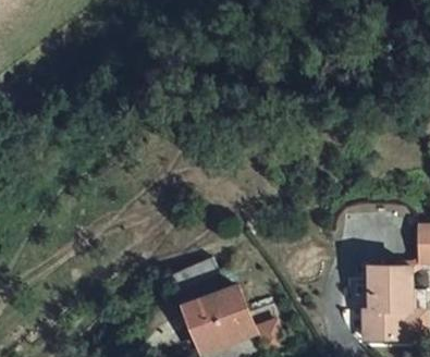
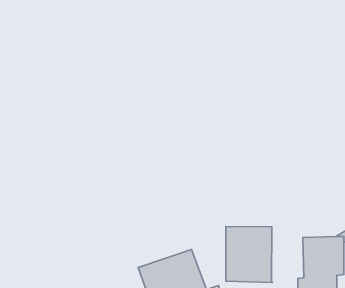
building: none -> [226,227,272,283]

